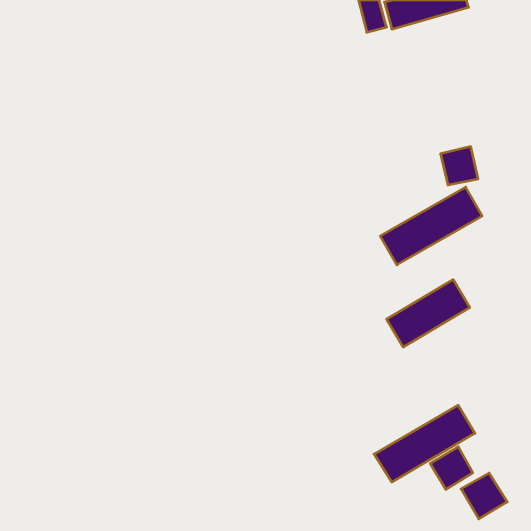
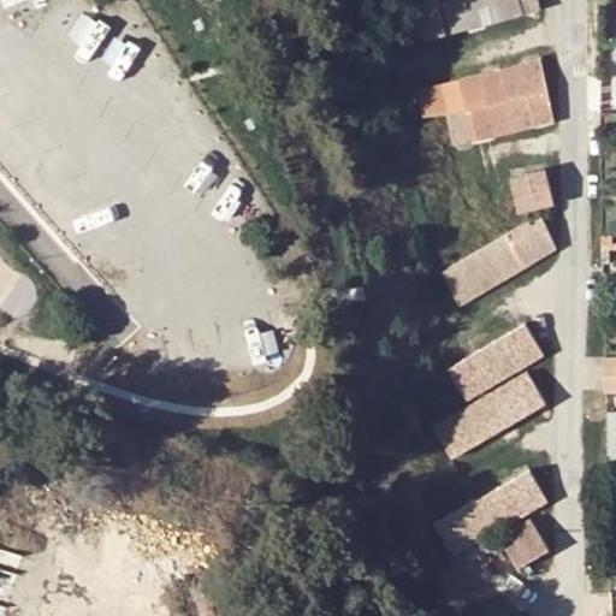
building: none -> [421,60,551,144]
building: none -> [432,372,545,460]
building: [461,473,507,519] -> none

